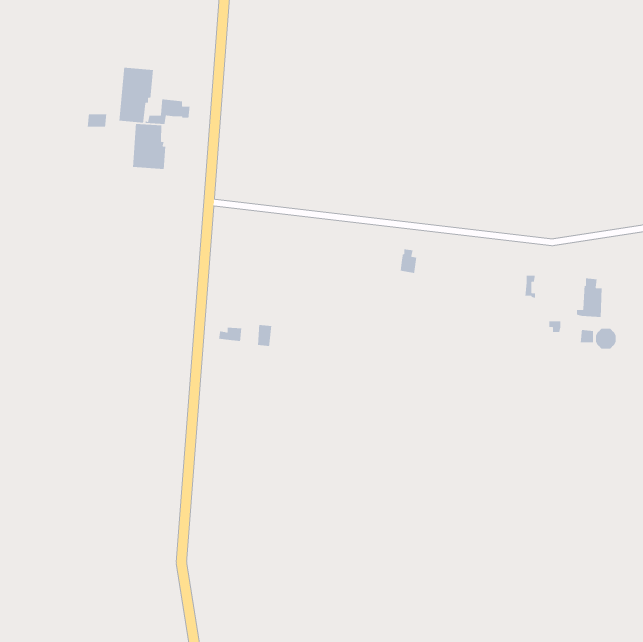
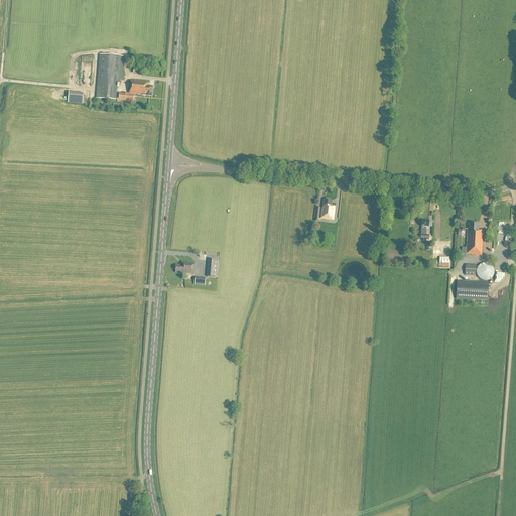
building: [132,123,166,170] -> none
building: none -> [456,280,488,299]

